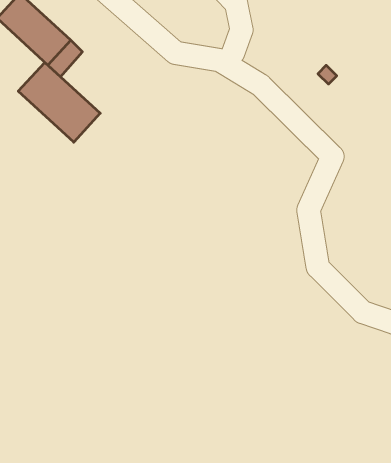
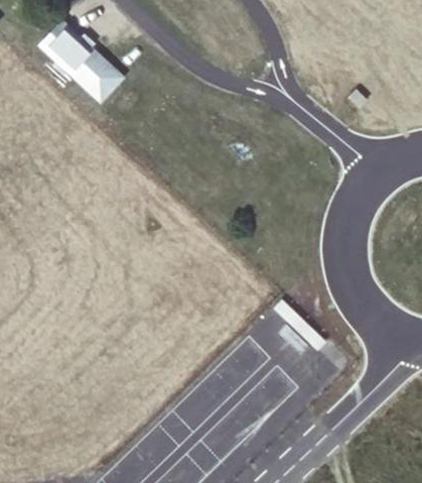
building: [18,62,100,142] -> none

